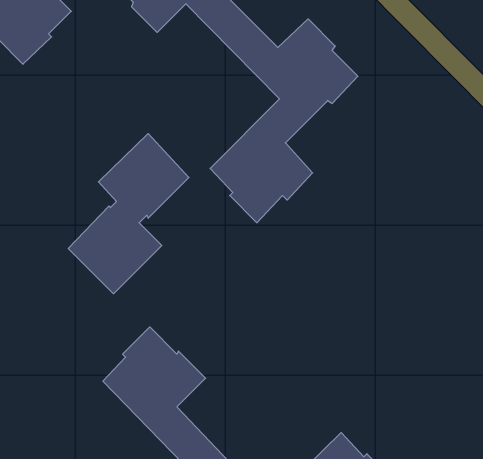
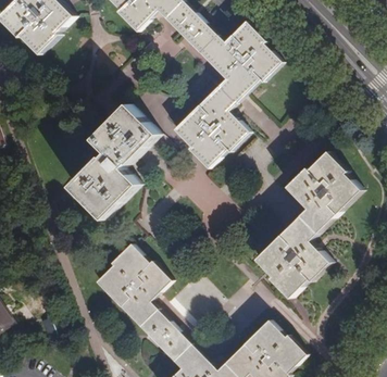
building: none -> [257,151,361,299]

